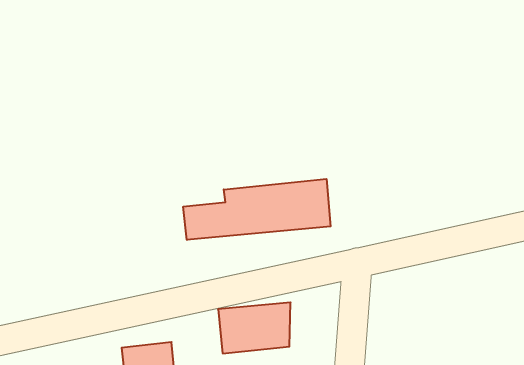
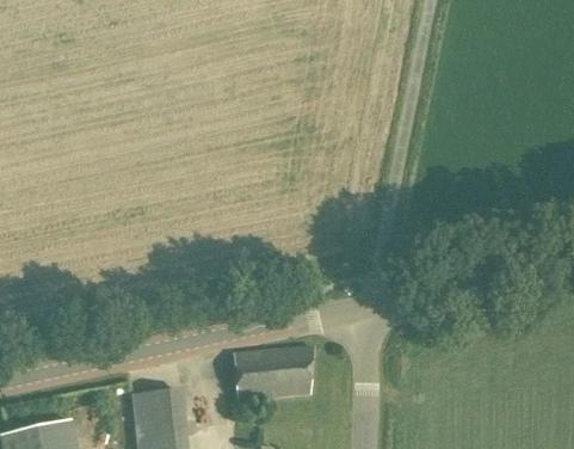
building: [183,179,331,240] -> none

